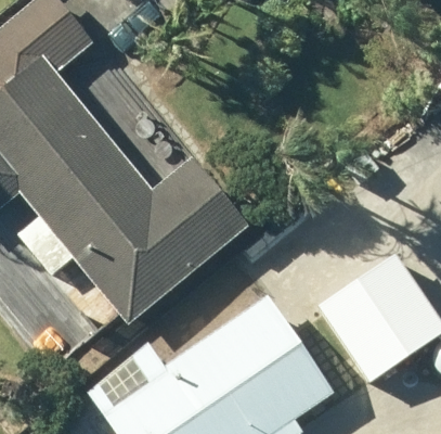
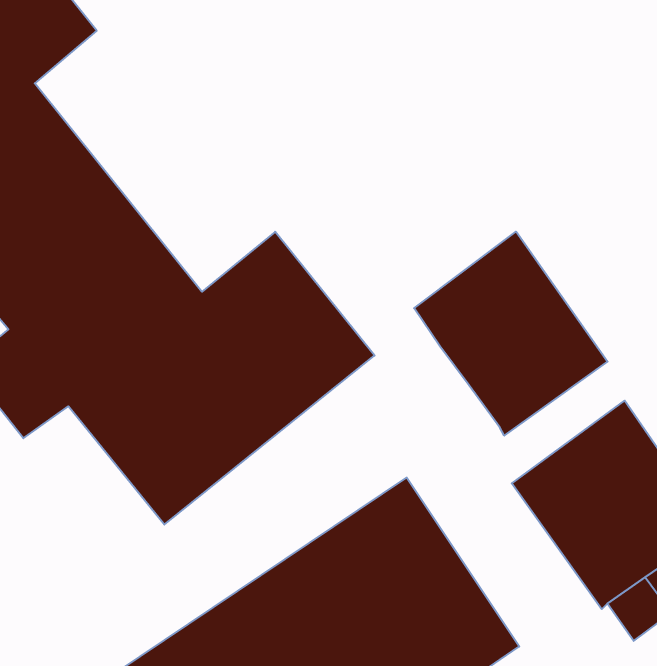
building: none -> [414,232,608,436]

